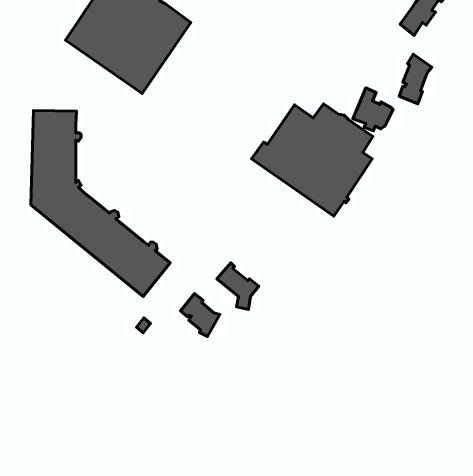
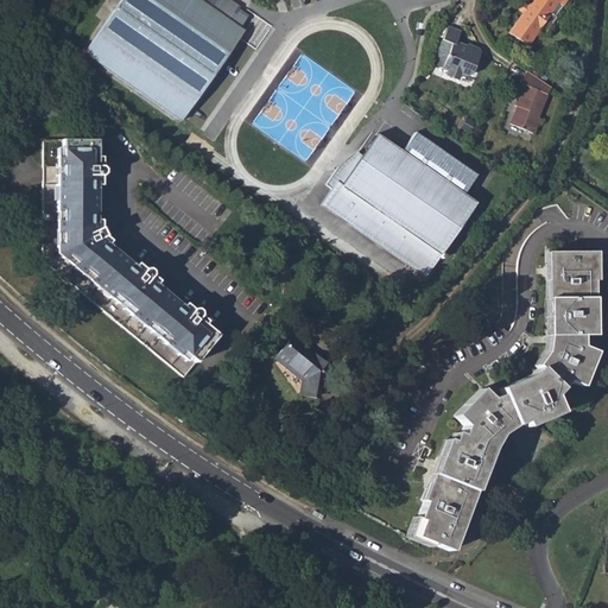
building: [353,88,393,131] -> [437,24,488,78]
building: none -> [418,249,601,549]
building: [180,294,220,337] -> none

